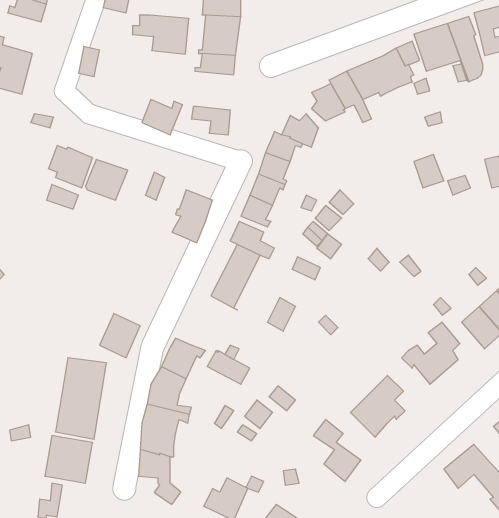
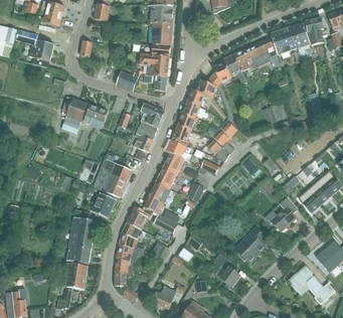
building: [132,15,189,54] -> [136,54,168,76]
building: none -> [132,103,164,128]
building: none -> [95,159,131,197]
building: none -> [143,182,170,214]

